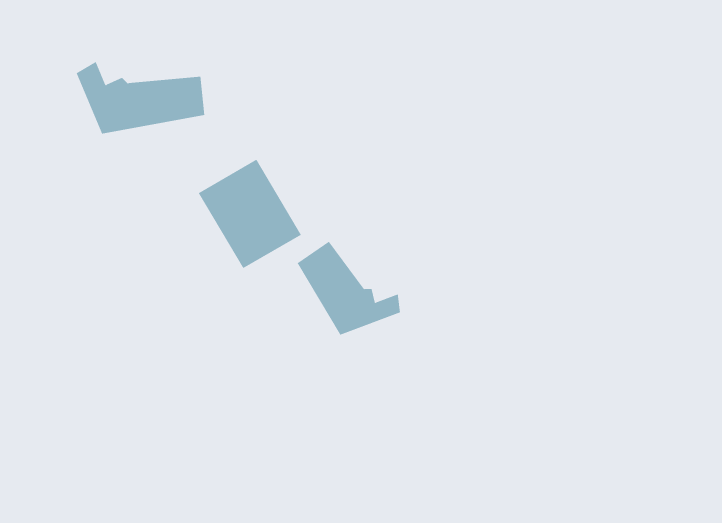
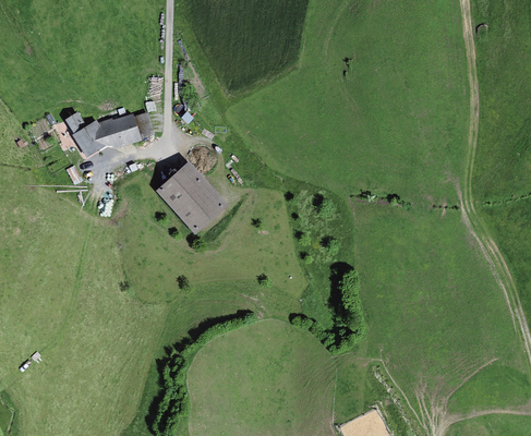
building: [297,241,401,336] -> none

